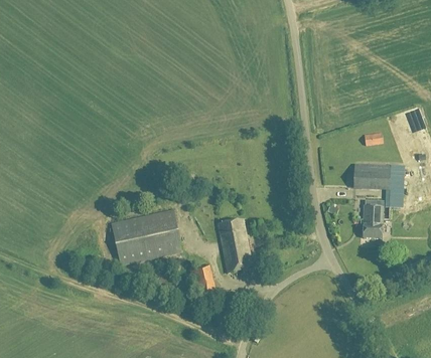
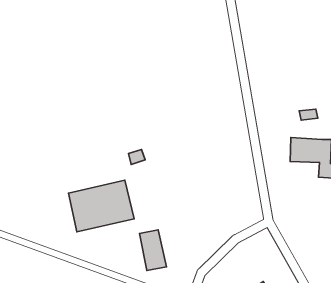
building: [363,199,384,238] -> none
building: [219,219,253,273] -> none

